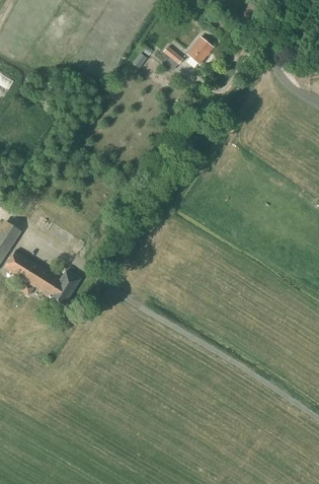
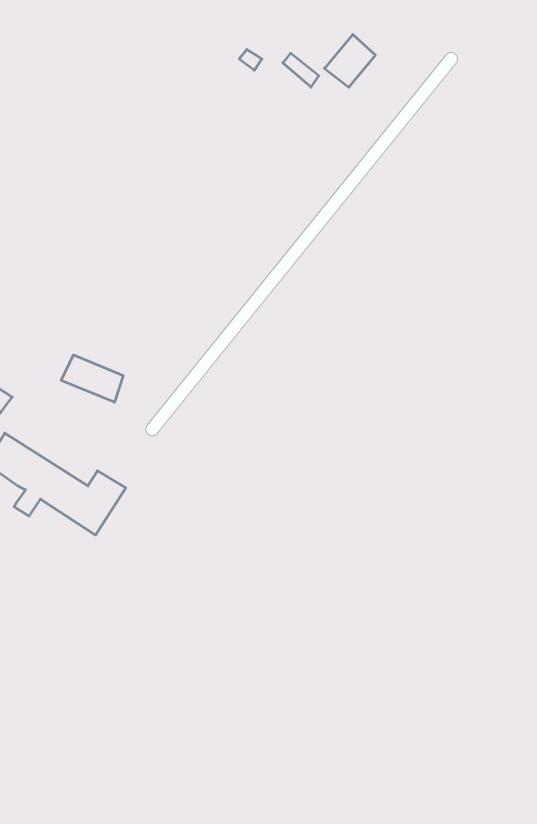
building: none -> [61,355,123,402]

